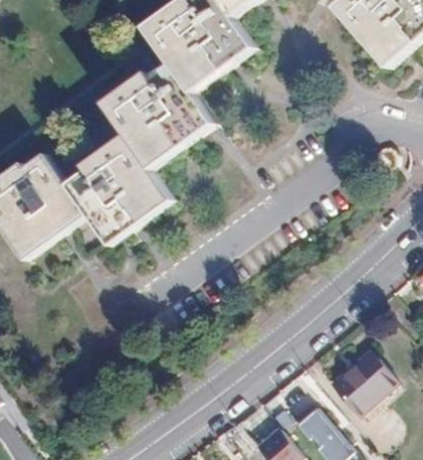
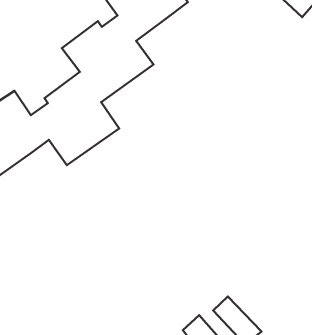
building: [331,351,393,416] -> none

